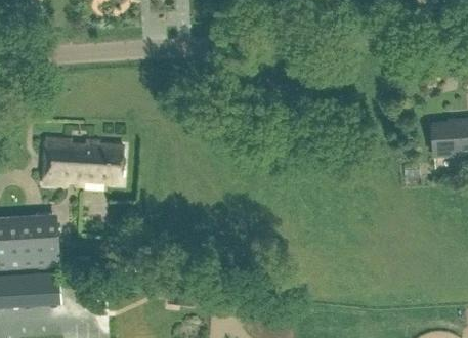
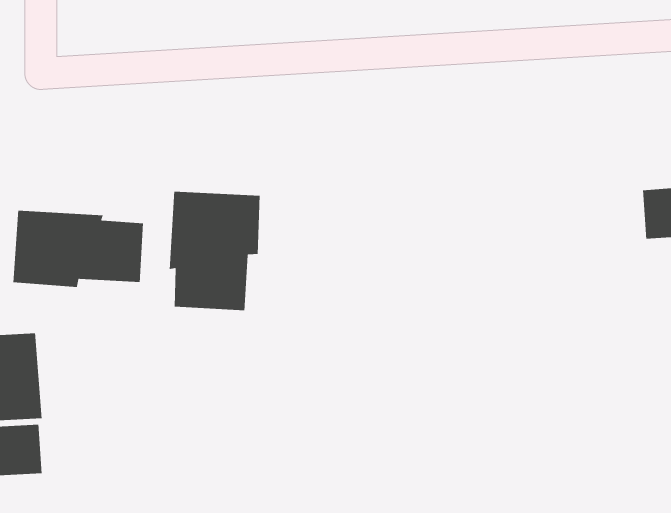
building: none -> [169,191,260,311]

